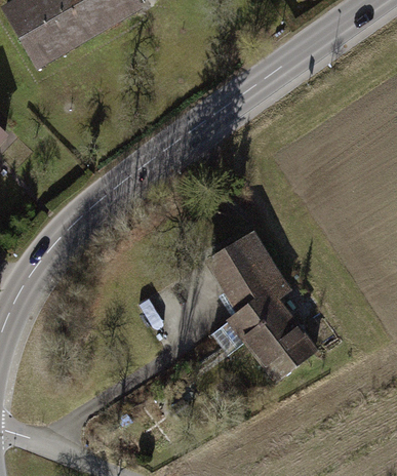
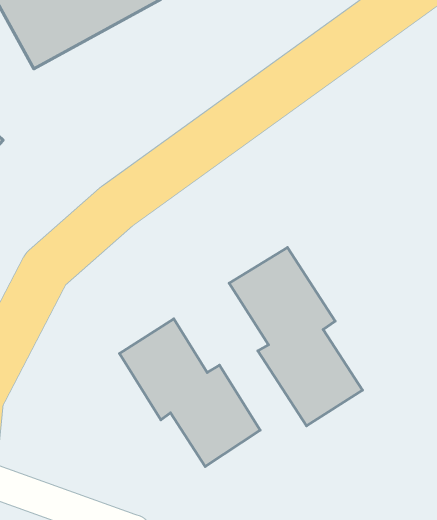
building: none -> [120,319,260,467]

